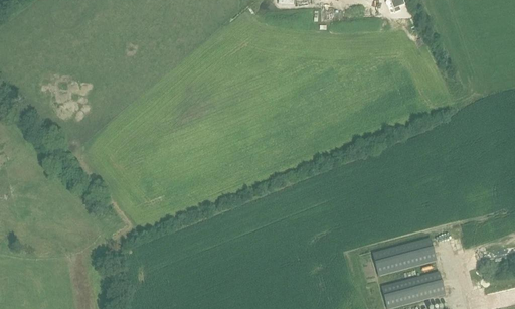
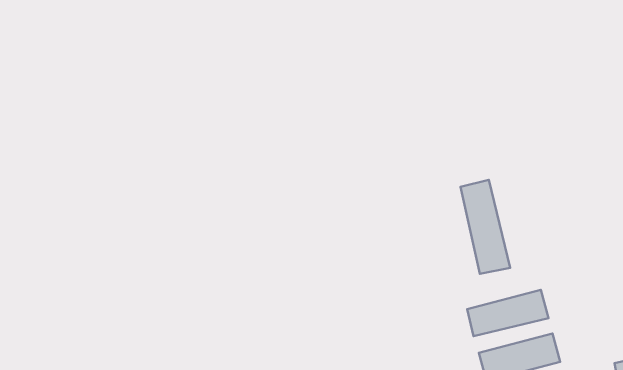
building: none -> [460,180,510,274]

